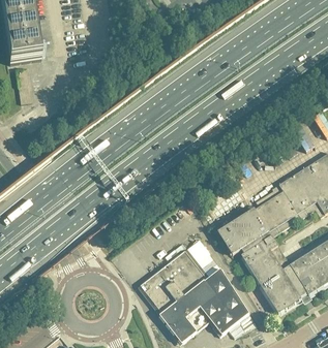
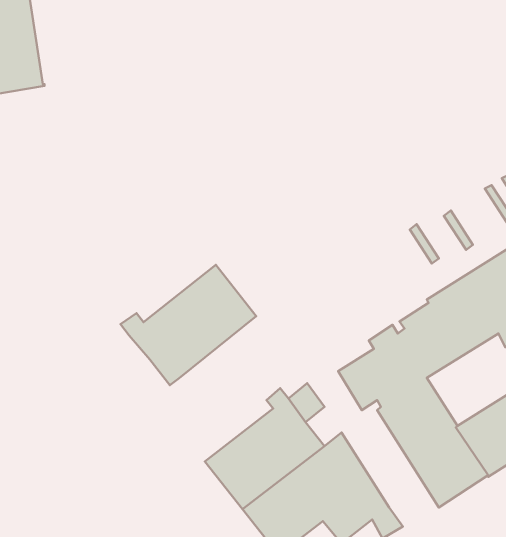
building: none -> [121,265,256,385]

